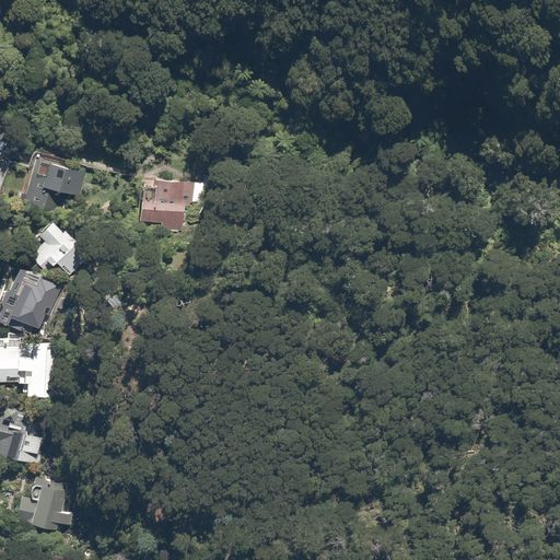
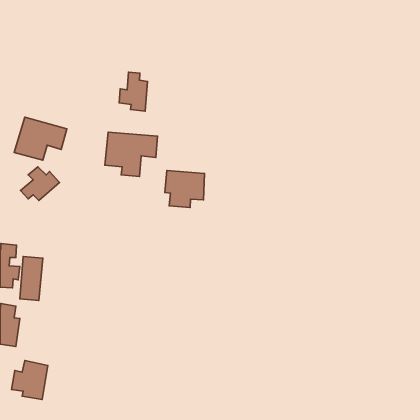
building: none -> [119,72,148,111]
building: none -> [165,170,205,208]
building: [9,271,55,328] -> none

